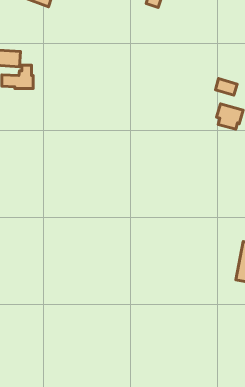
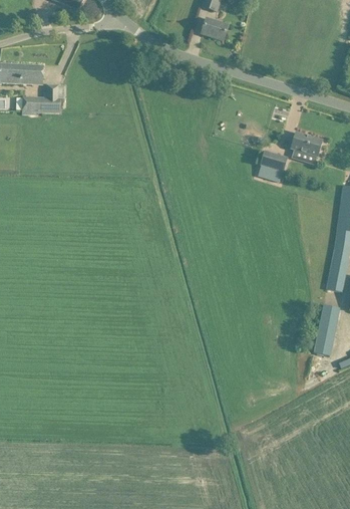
building: none -> [202,18,228,40]
building: [215,78,237,95] -> [260,151,287,172]

